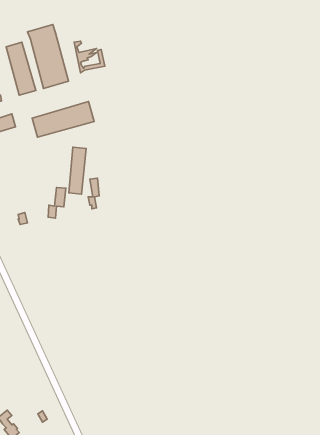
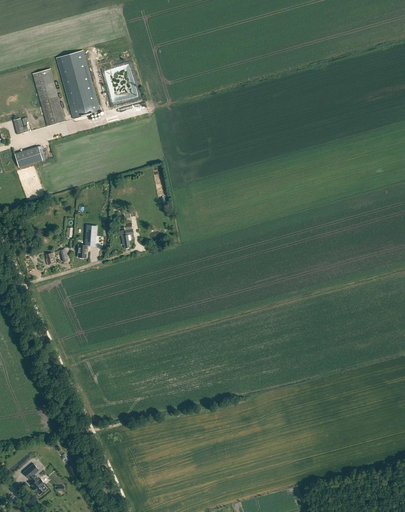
building: [32,101,94,137] -> none
building: [69,147,86,194] -> none

